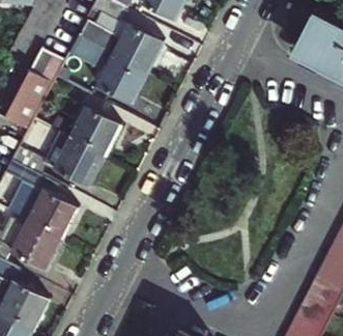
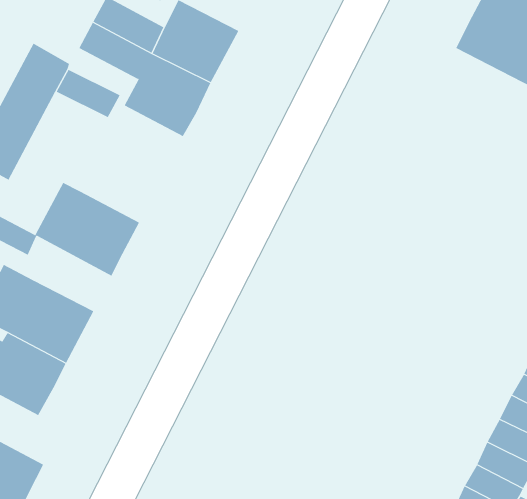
building: [69,106,120,155] -> none

